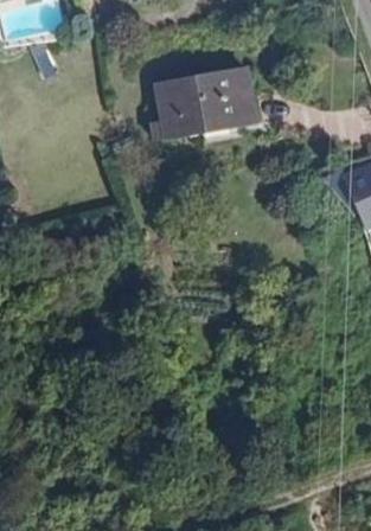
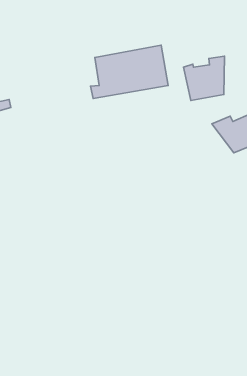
building: none -> [184,56,225,100]

